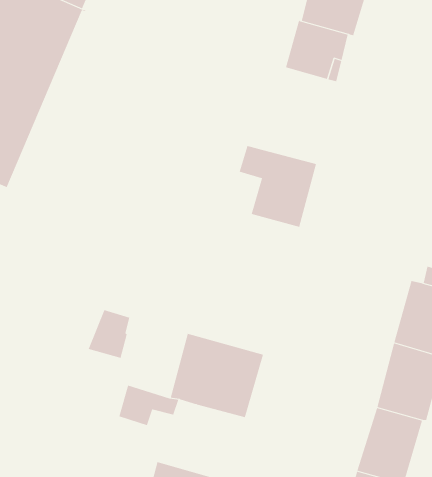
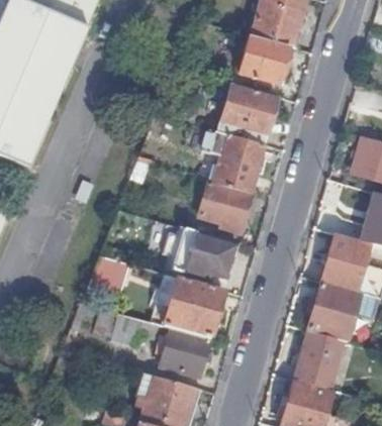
building: none -> [218,86,277,146]
building: none -> [196,183,252,229]
building: none -> [161,231,237,279]
building: none -> [156,330,209,378]

